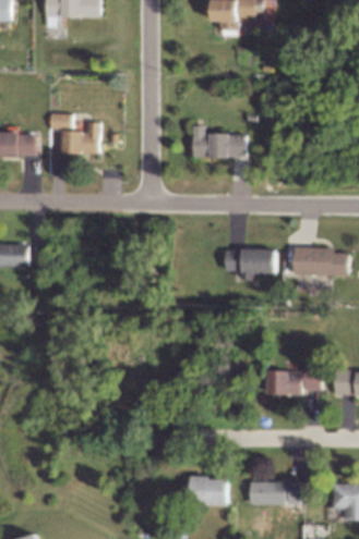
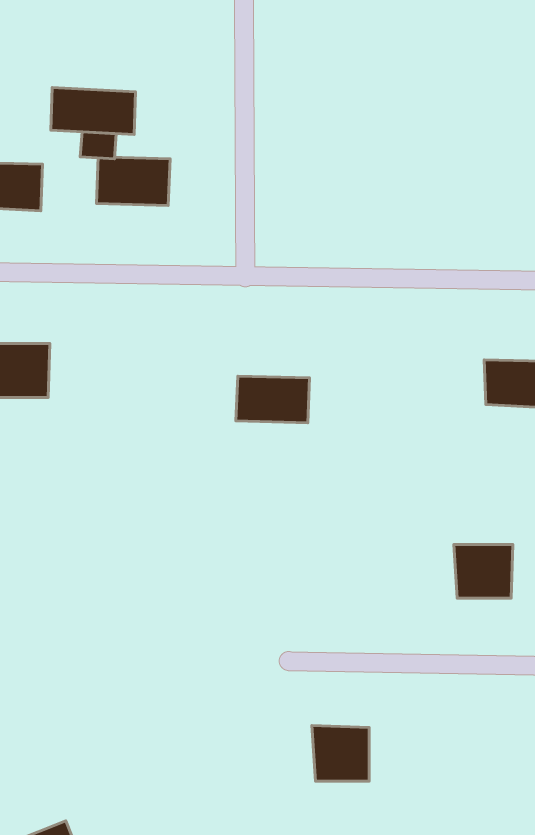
building: none -> [51,87,136,135]
building: [196,134,241,163] -> none
building: [227,248,272,277] -> [236,376,310,423]
building: [258,477,292,510] -> none

